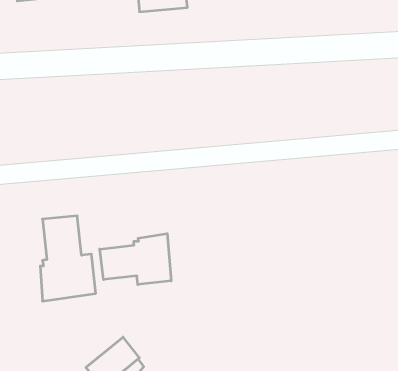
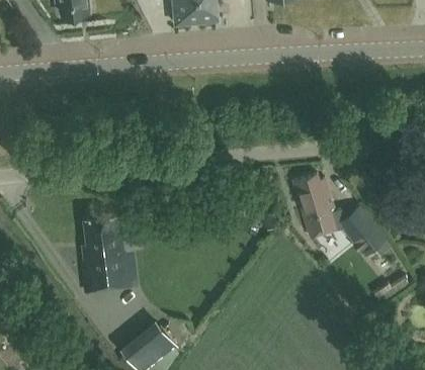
building: none -> [293,173,391,253]
building: [100,234,171,285] -> none

